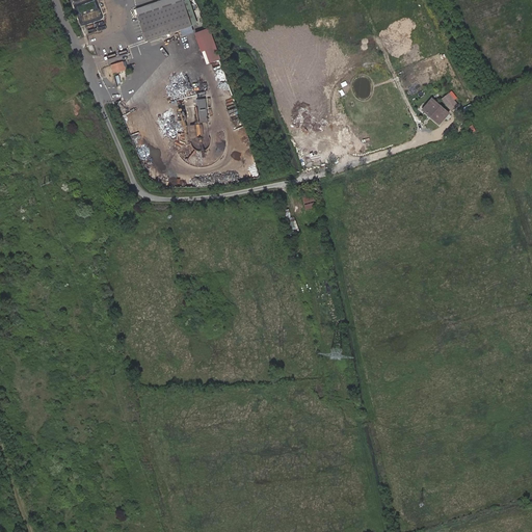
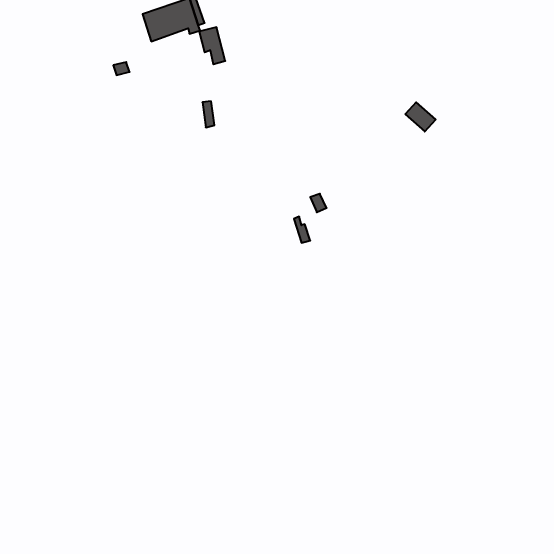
building: [420,95,449,123] -> [405,102,436,132]

